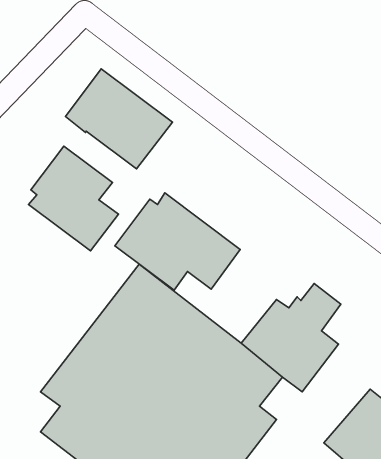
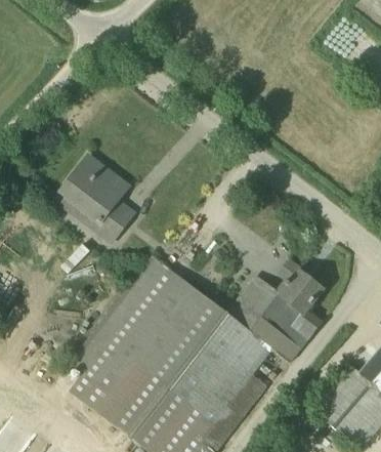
building: [65,69,173,169] -> none
building: [115,193,240,290] -> none

